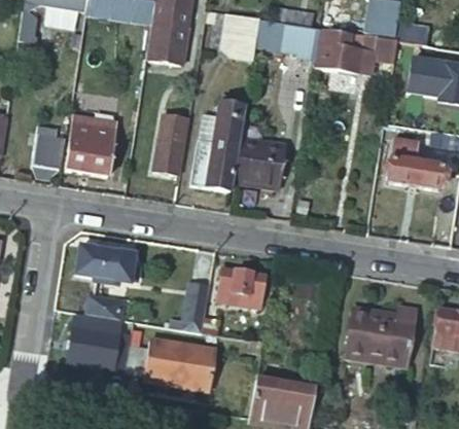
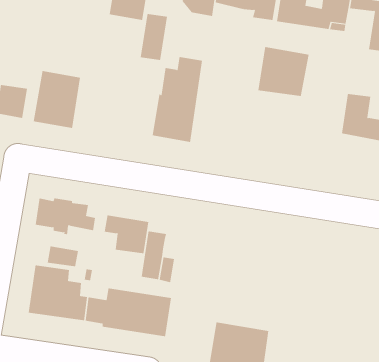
building: [160,124,188,173] -> [140,14,168,61]
building: [236,138,289,189] -> [258,47,310,97]
building: [221,267,268,308] -> [104,215,149,254]
building: [341,307,410,365] -> none

